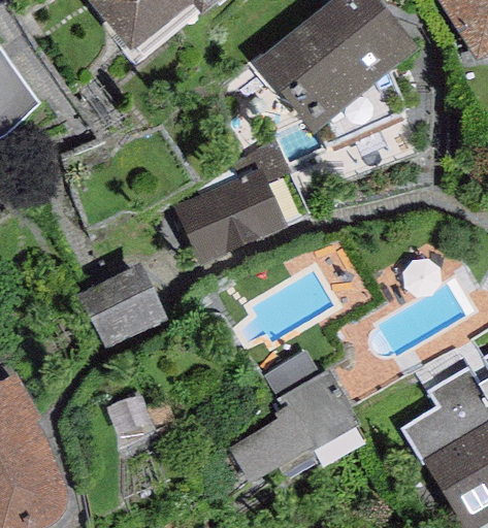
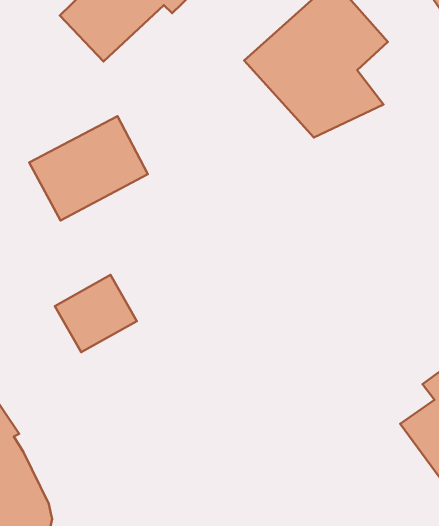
building: [173,167,285,262] -> [29,116,148,220]
building: [227,349,358,481] -> none

